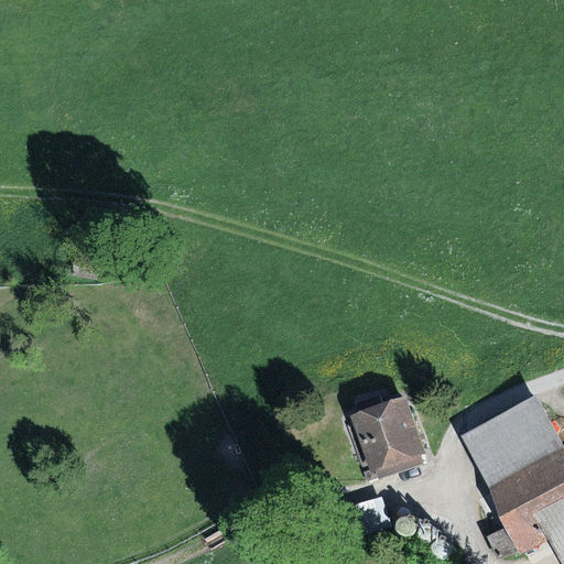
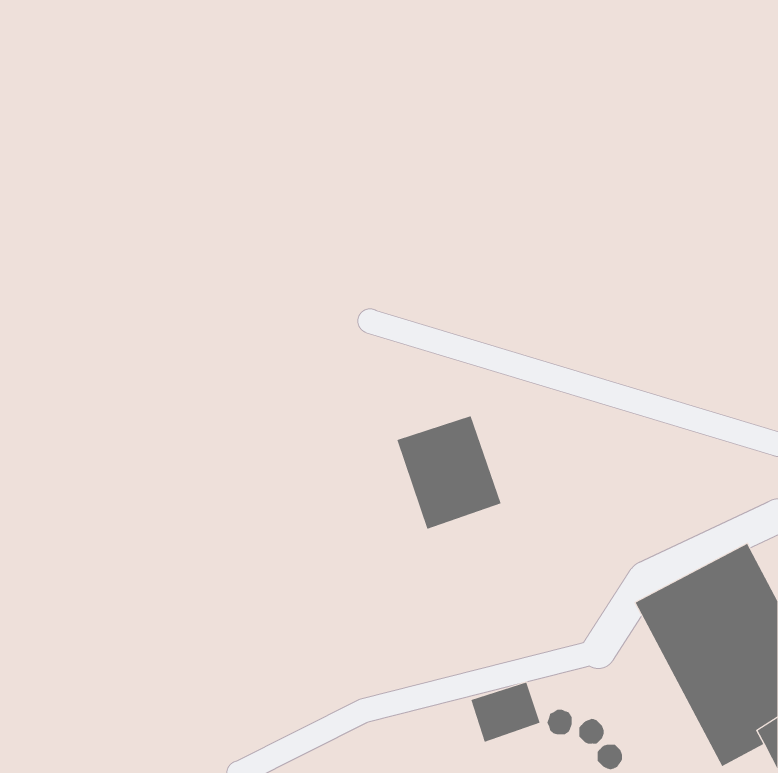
building: [350,394,426,477] -> [396,415,501,530]

